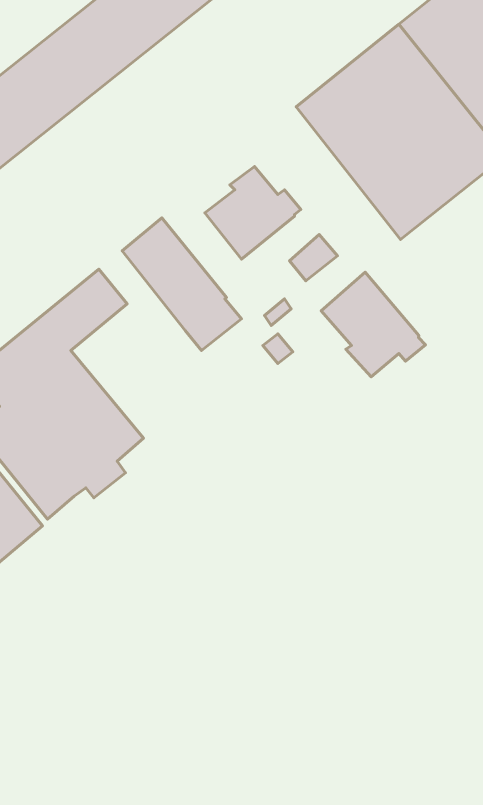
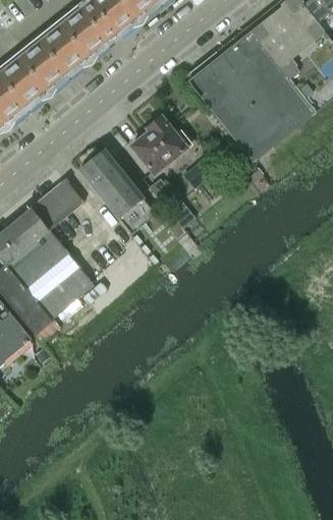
building: [321,272,425,377] -> none

